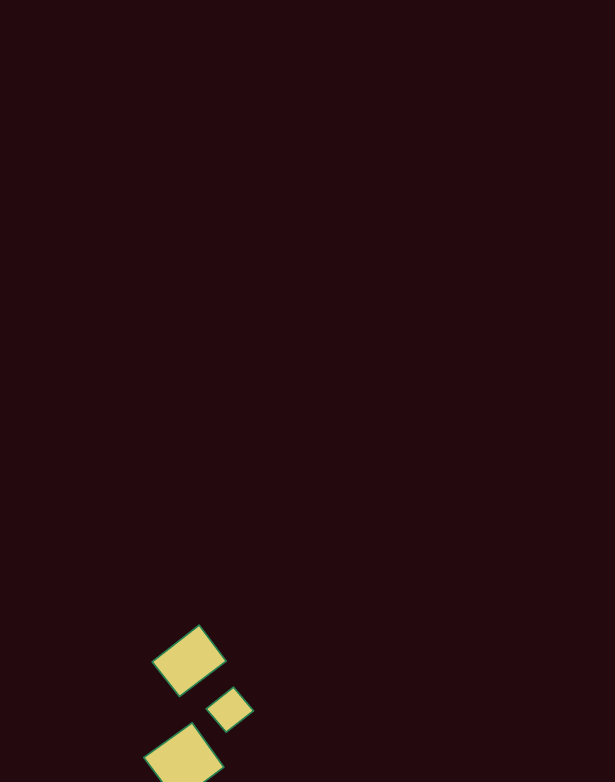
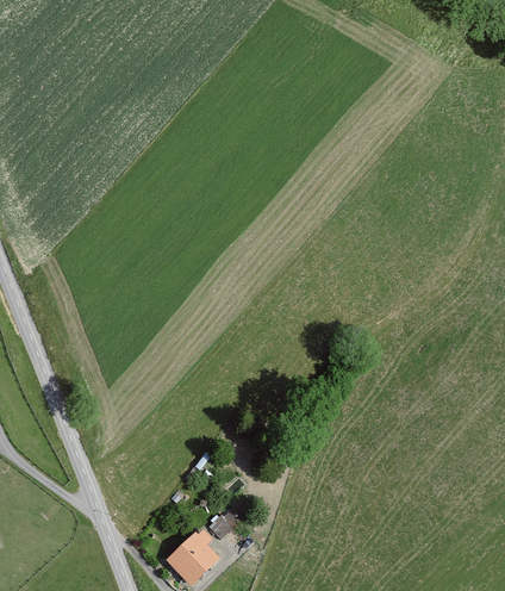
building: [152,625,226,696] -> none

